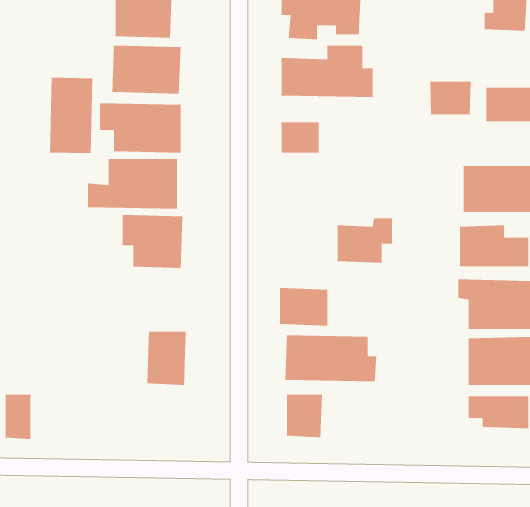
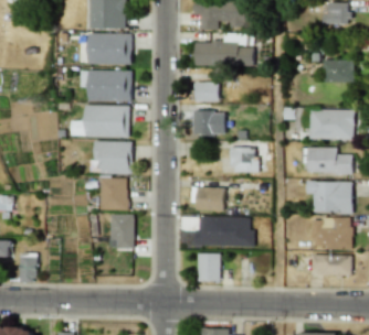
building: [50,77,93,154] -> none
building: [430,81,471,115] -> none
building: none -> [192,111,225,134]
building: none -> [99,177,128,209]

